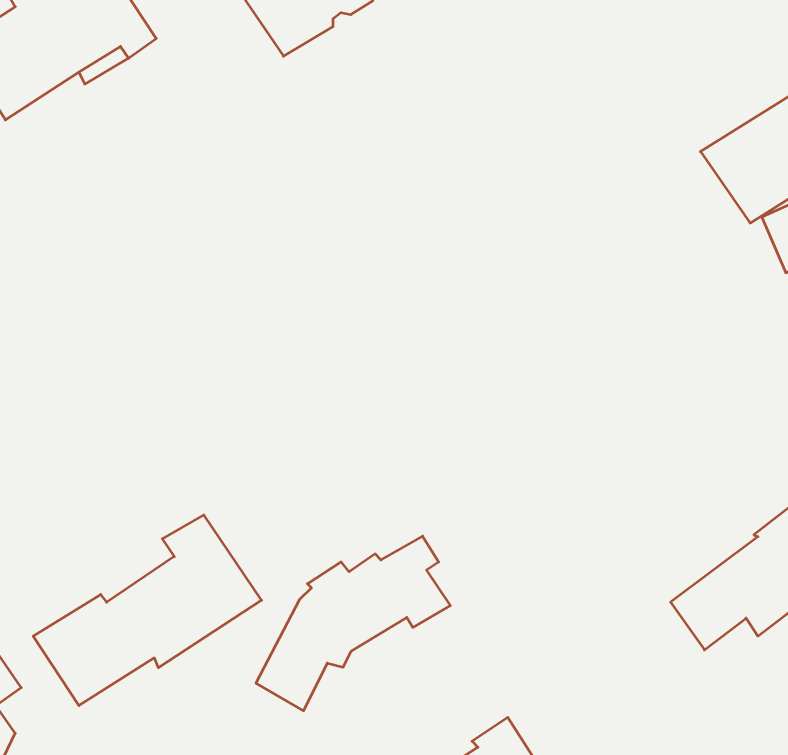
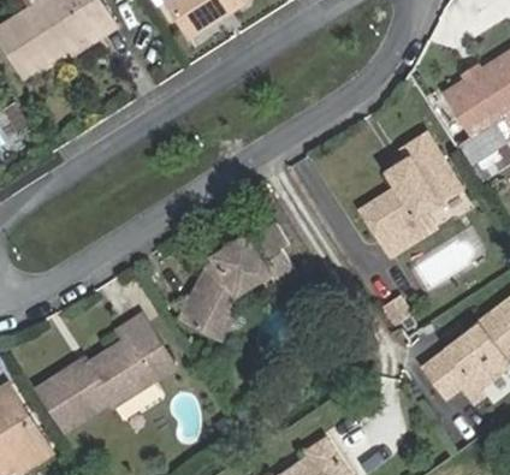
building: none -> [362,135,462,254]
building: [256,536,450,711] -> [179,227,297,333]

